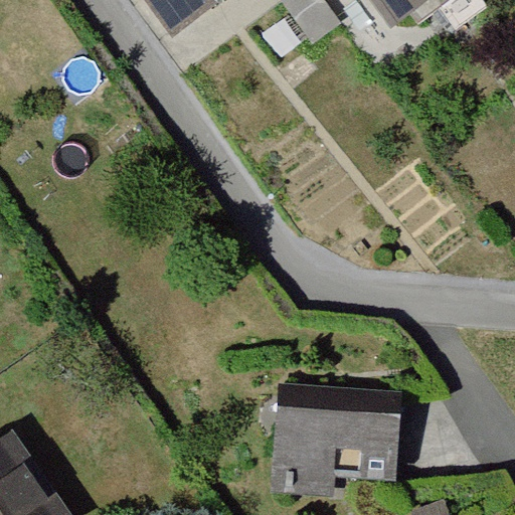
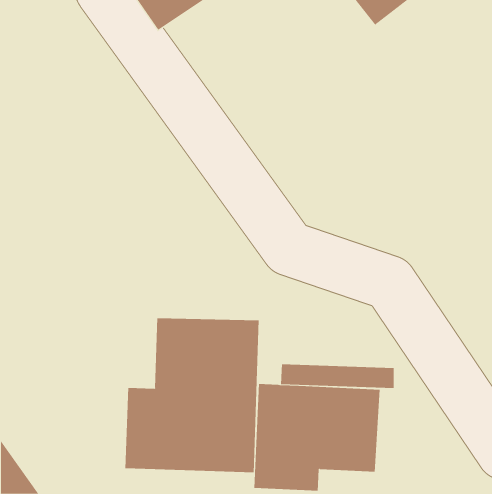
building: none -> [125,318,259,473]

